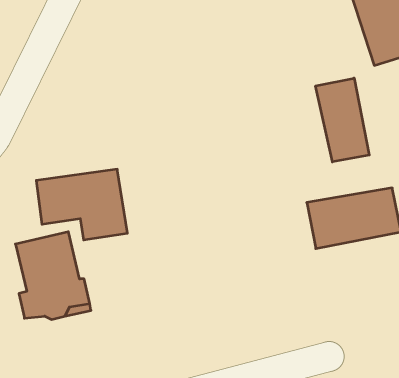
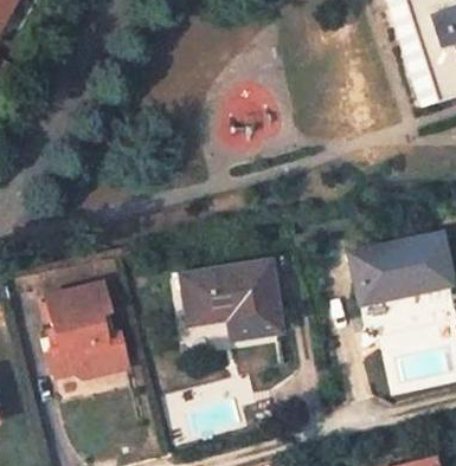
building: [316,78,369,162] -> none
building: [36,169,127,240] -> [185,264,281,338]

